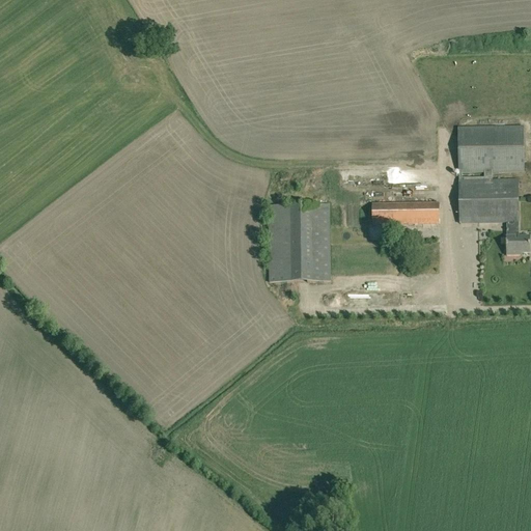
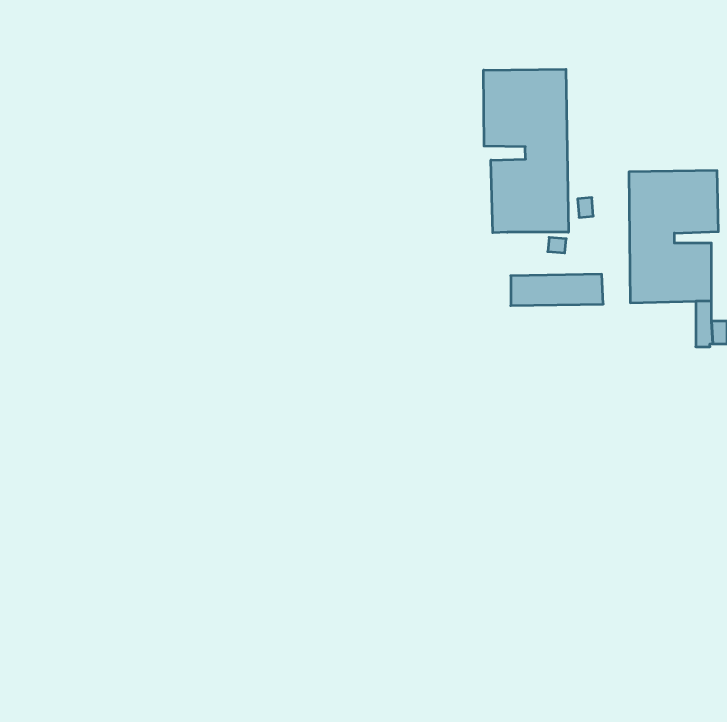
building: none -> [484,69,568,233]
building: [269,202,330,280] -> none

